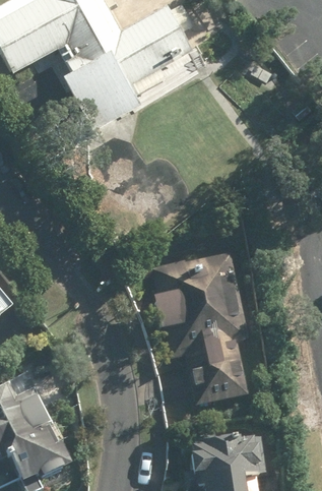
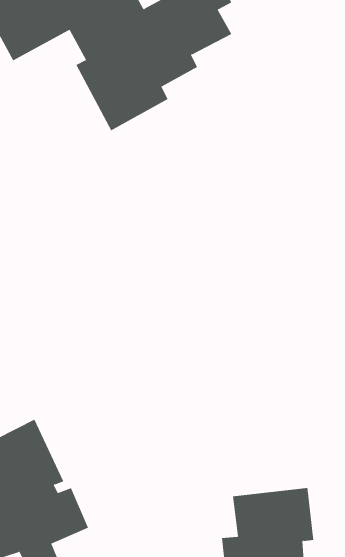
building: [150,257,248,405] -> none

